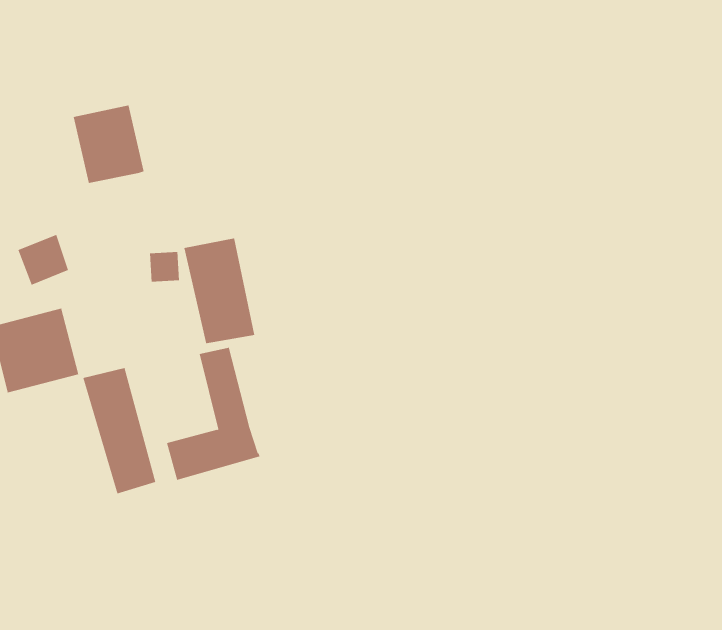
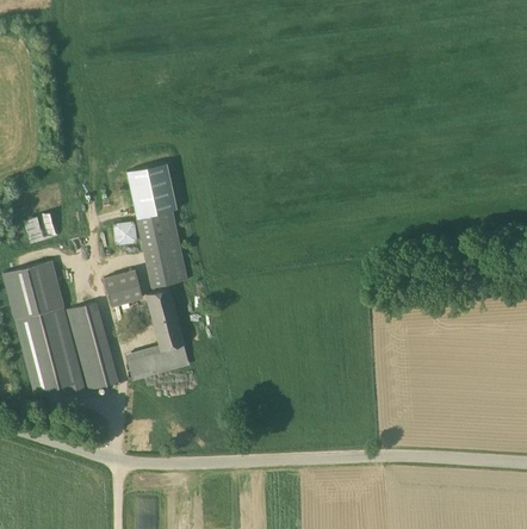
building: [73,105,145,184] -> [126,163,176,218]
building: none -> [101,268,141,305]
building: none -> [17,306,86,394]

